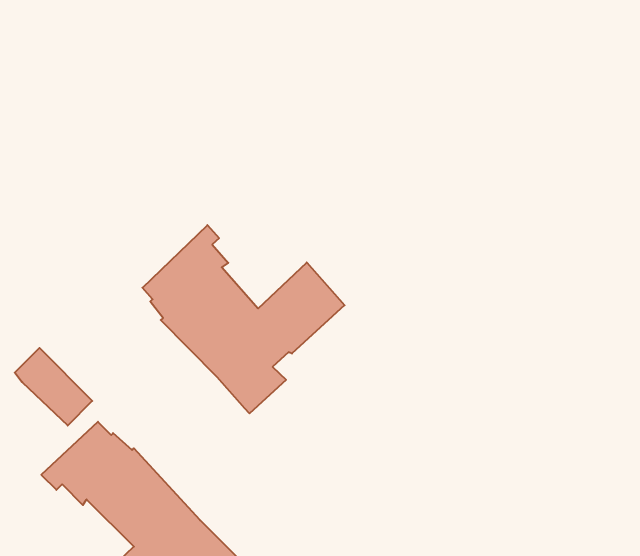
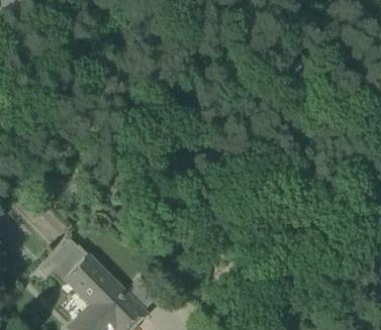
building: [142,225,345,413] -> none

